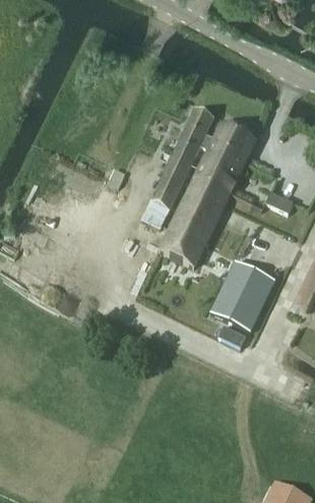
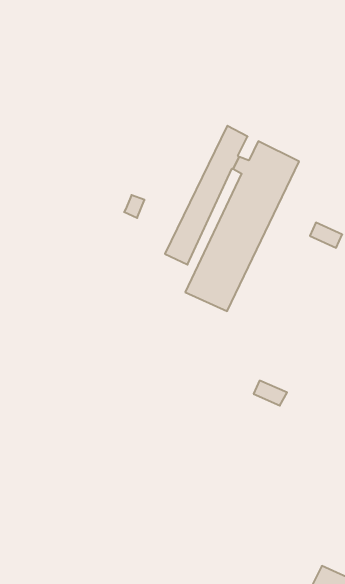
building: [210,260,274,329] -> none

